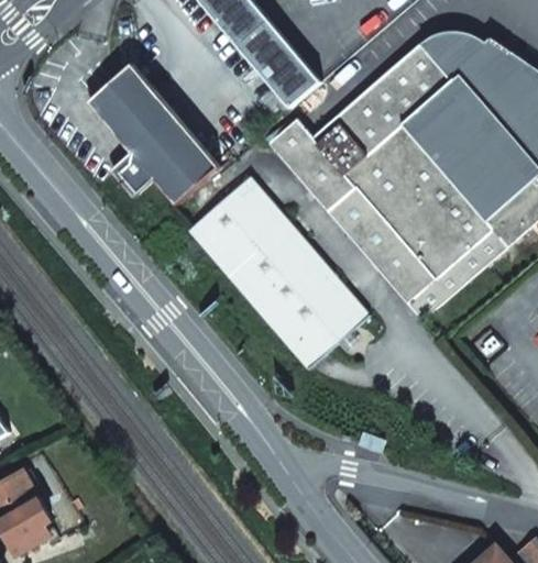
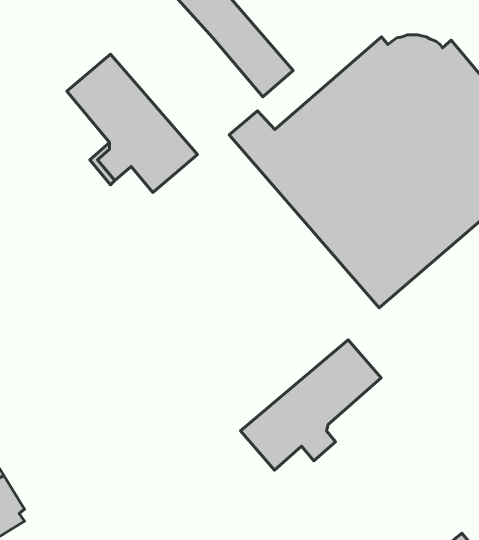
building: [183,172,364,365] -> none
building: none -> [241,340,381,470]

